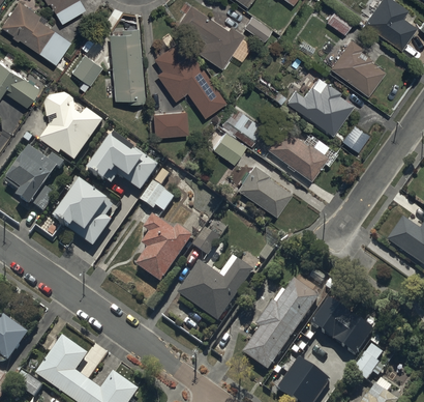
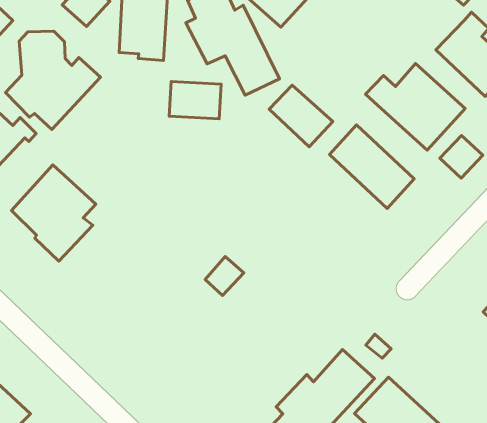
building: [212,131,245,163] -> none
building: [86,134,157,191] -> none
building: [236,164,293,216] -> none
building: [140,181,174,214] -> none
building: [135,216,192,283] -> none
building: [178,259,252,321] -> none

